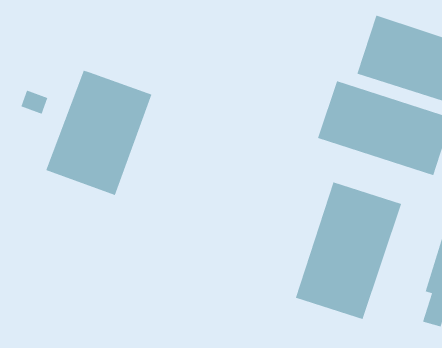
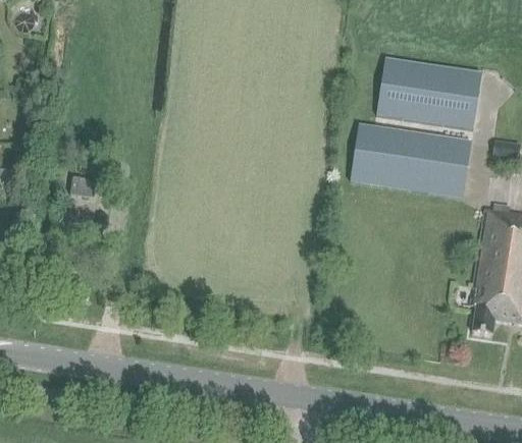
building: [45,70,152,196] -> none
building: [295,181,402,320] -> none

